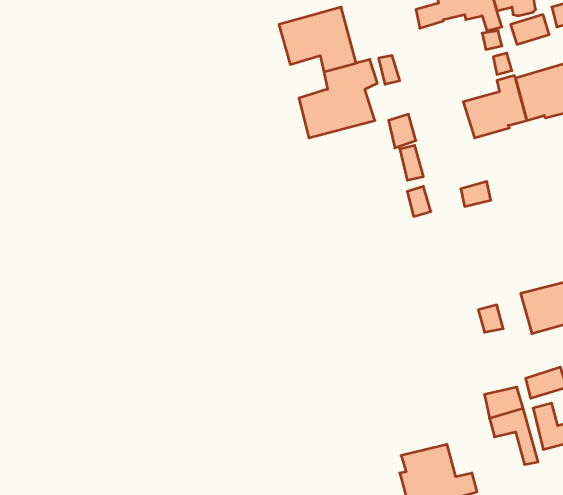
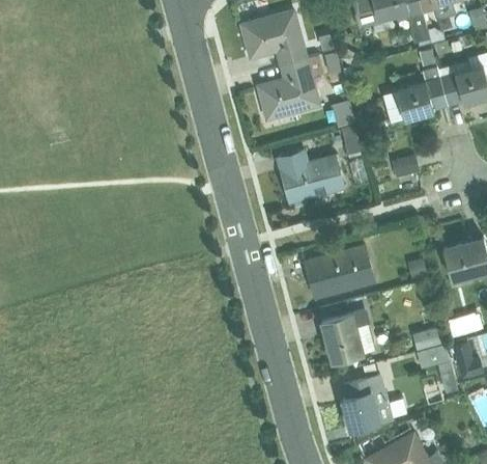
building: none -> [278,151,344,202]
building: none -> [306,245,374,297]
building: none -> [322,309,375,361]

